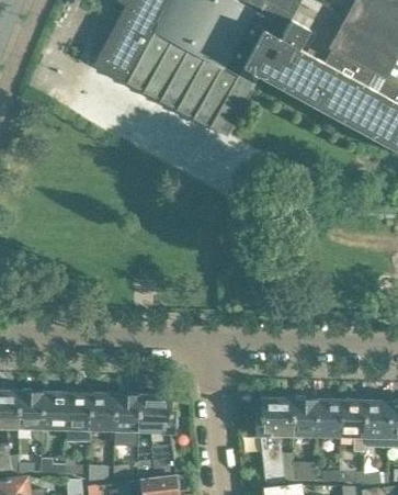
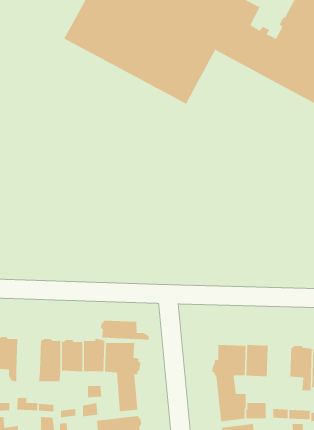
building: none -> [100,320,150,341]
building: [41,392,66,428] -> none
building: [315,400,340,435] -> none

